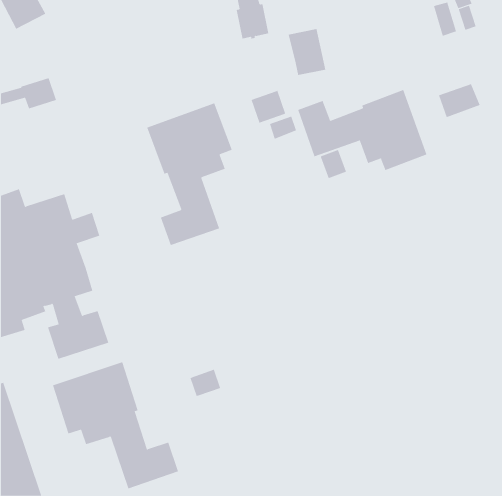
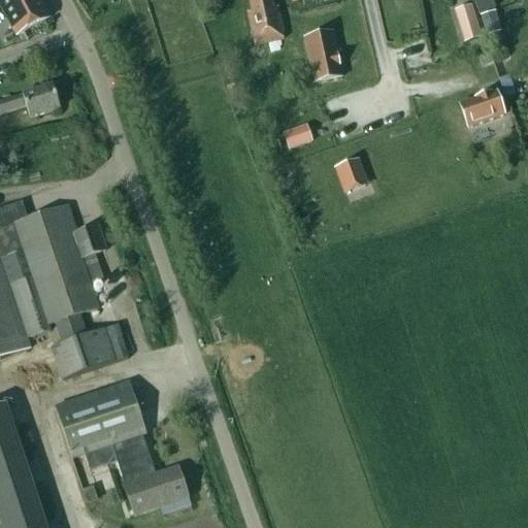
building: [297,89,427,171] -> none
building: [251,90,286,124] -> none
building: [147,103,232,246] -> none
building: [190,369,221,397] -> none

